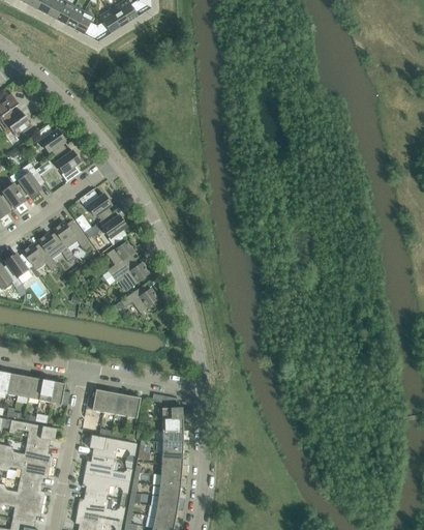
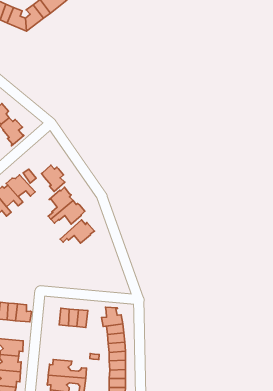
building: [80,187,112,220] -> none
building: [86,389,108,418] -> none
building: [89,435,137,459] -> none

